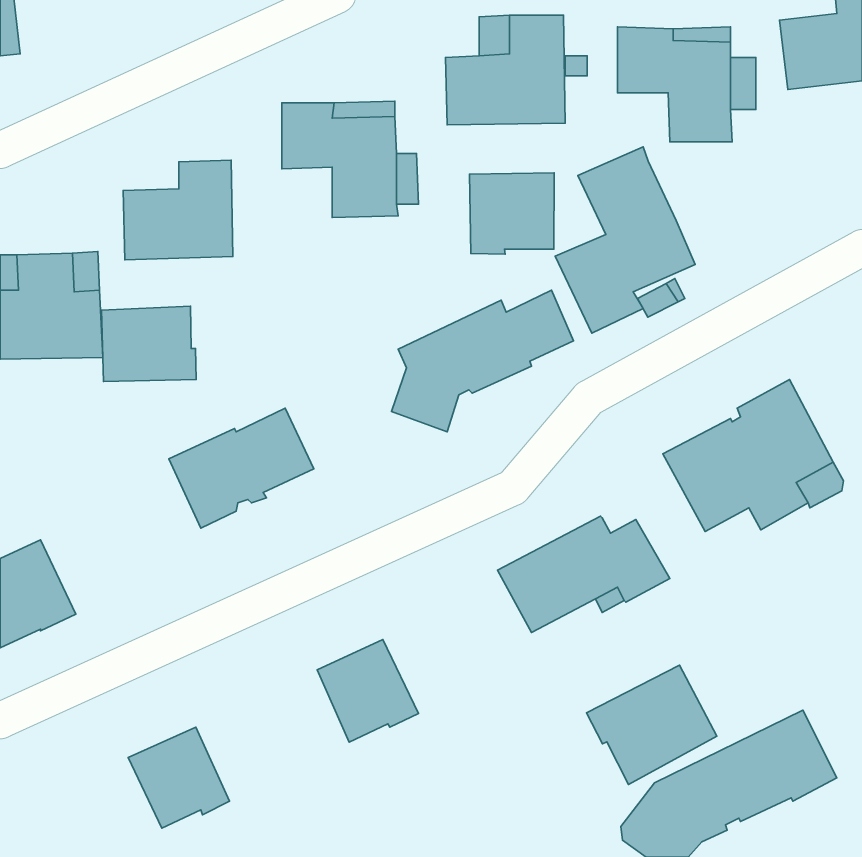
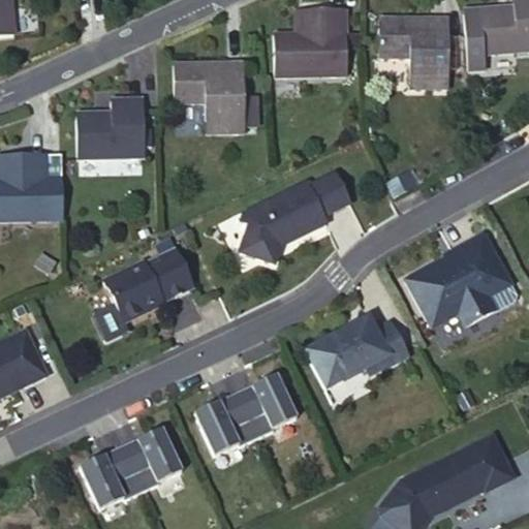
building: [555,147,695,333] -> none
building: [470,173,554,254] -> none
building: [101,306,196,381] -> none
building: none -> [235,373,297,437]
building: [587,665,717,784] -> none
building: none -> [120,426,181,491]

